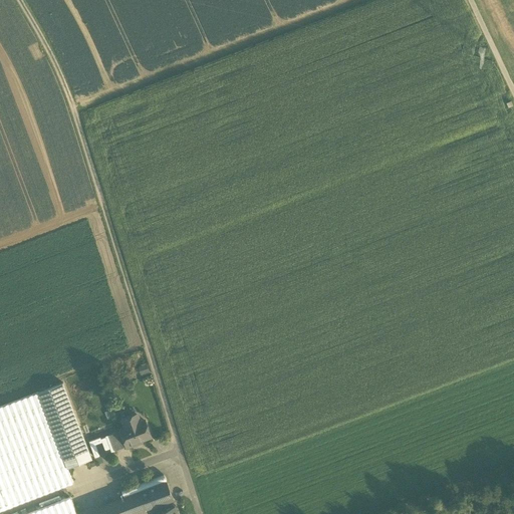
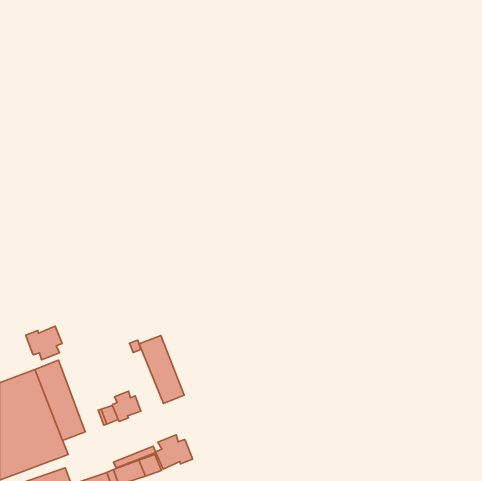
building: none -> [26,326,62,360]
building: none -> [139,336,184,403]
building: none -> [156,435,193,469]

